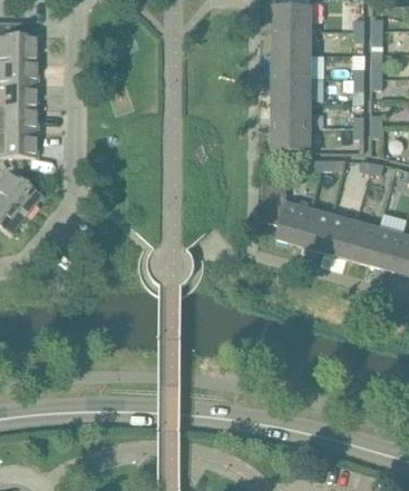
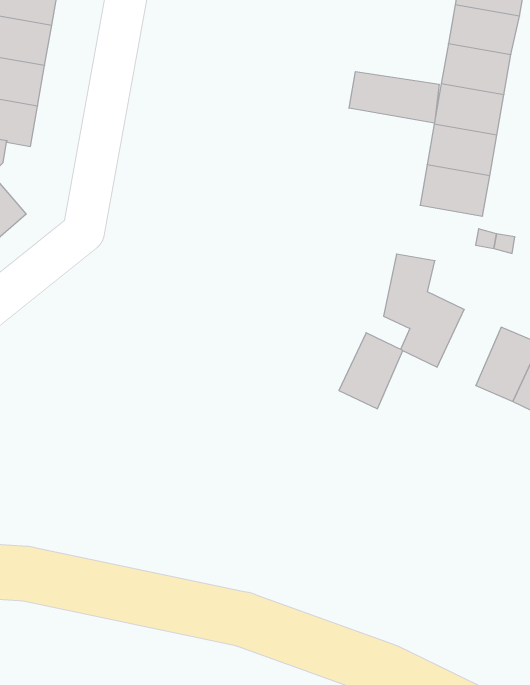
building: none -> [349,72,439,123]
building: [299,207,332,251] -> [339,333,403,409]

